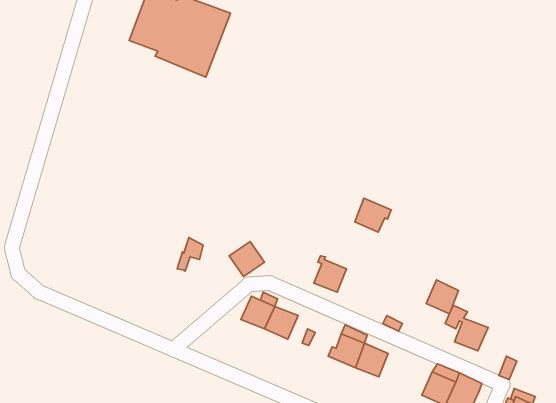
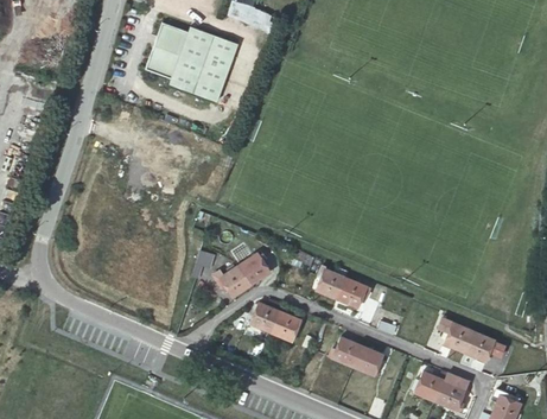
building: [355,198,391,232] -> [337,278,370,309]
building: none -> [214,266,252,298]
building: [426,280,459,314] -> [465,331,495,362]

